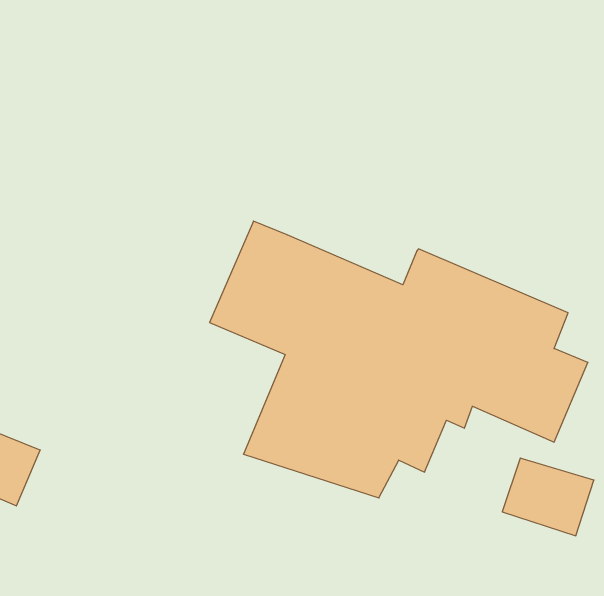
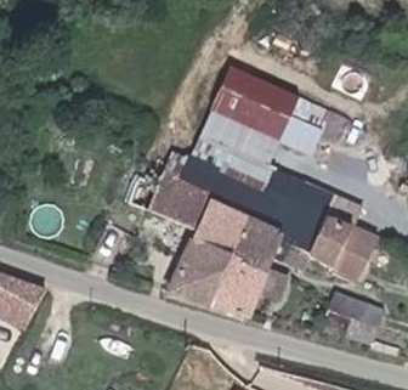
building: none -> [193,69,351,188]

